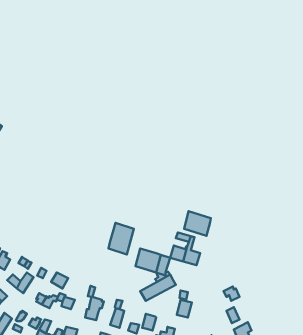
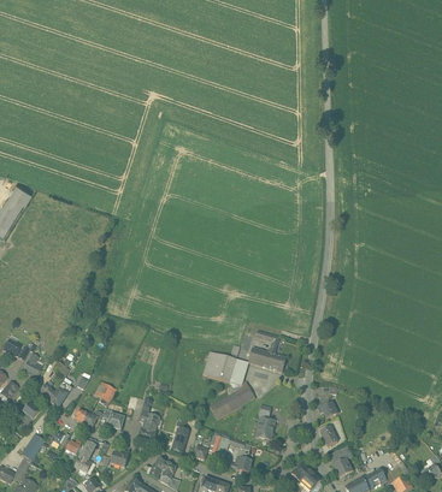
building: [184,211,211,236] -> none
building: [109,223,134,255] -> none

